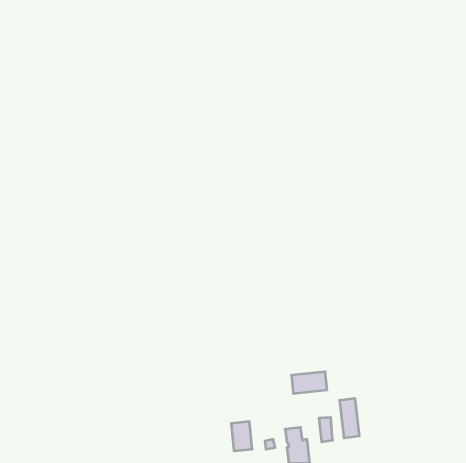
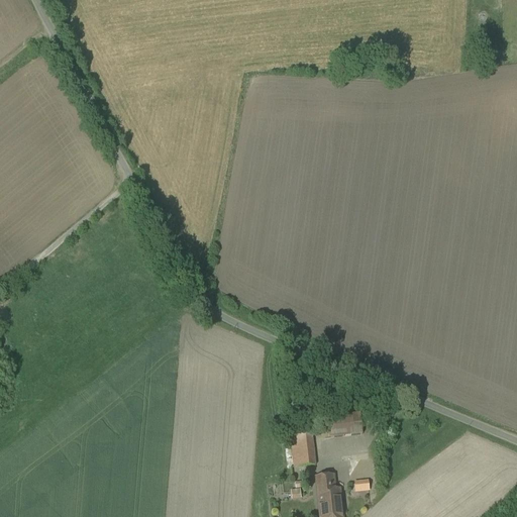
building: [340,398,359,438] -> none
building: [231,422,252,451] -> [292,432,315,464]

